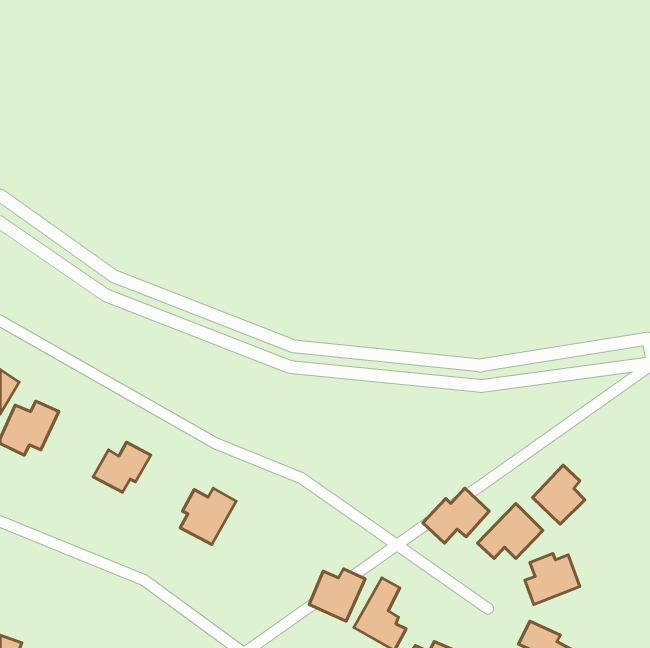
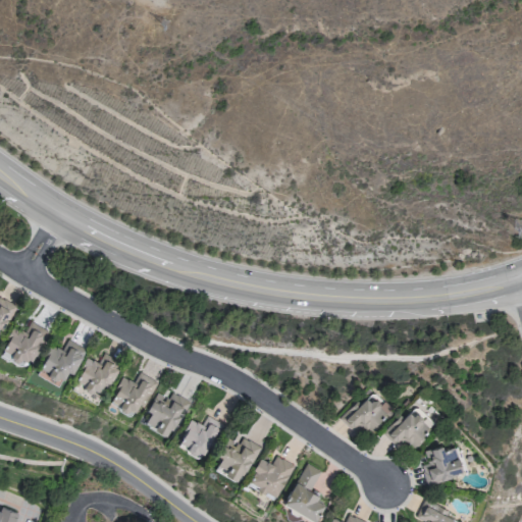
building: none -> [40,342,85,384]
building: none -> [111,374,157,417]
building: [532,465,585,524] -> none
building: none -> [179,417,223,458]
building: none -> [218,438,260,483]

